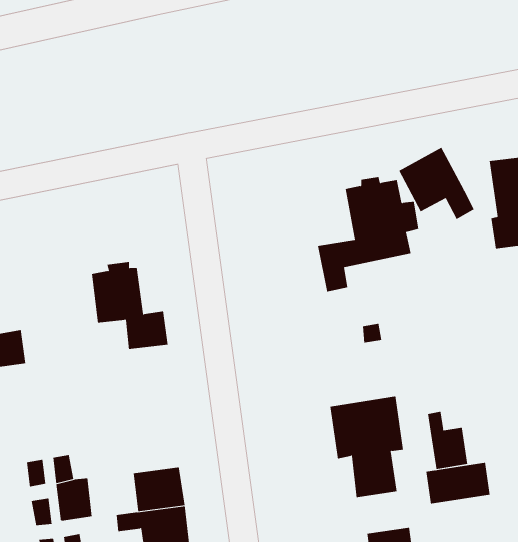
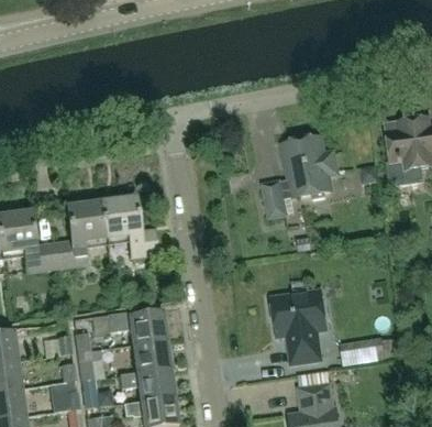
building: [398,147,475,220] -> none
building: none -> [54,200,108,266]
building: [428,411,468,470] -> none
building: none -> [108,311,166,344]

